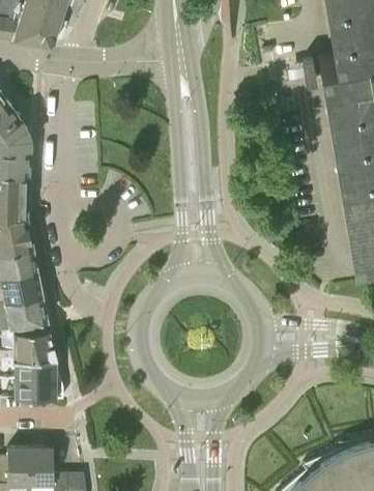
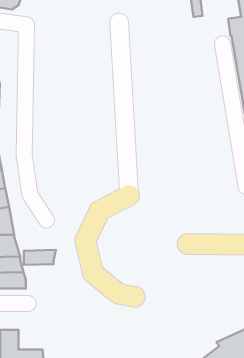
building: none -> [24,250,56,265]

